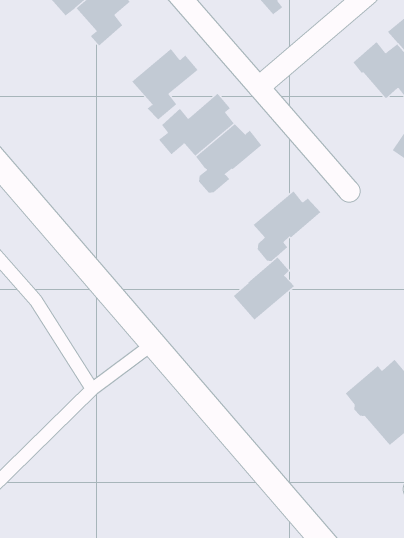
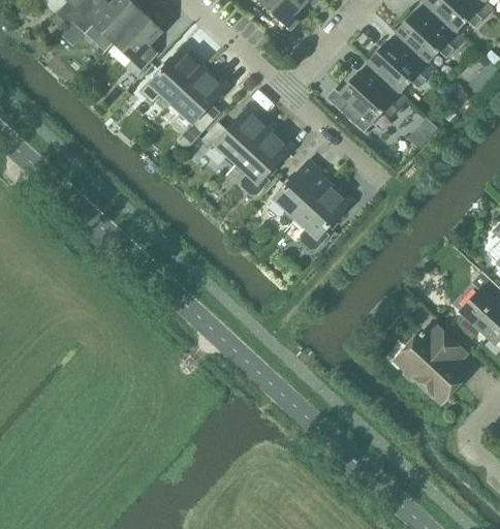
building: none -> [140,44,202,103]
building: none -> [339,71,408,133]
building: [233,256,295,320] -> [273,159,327,219]

